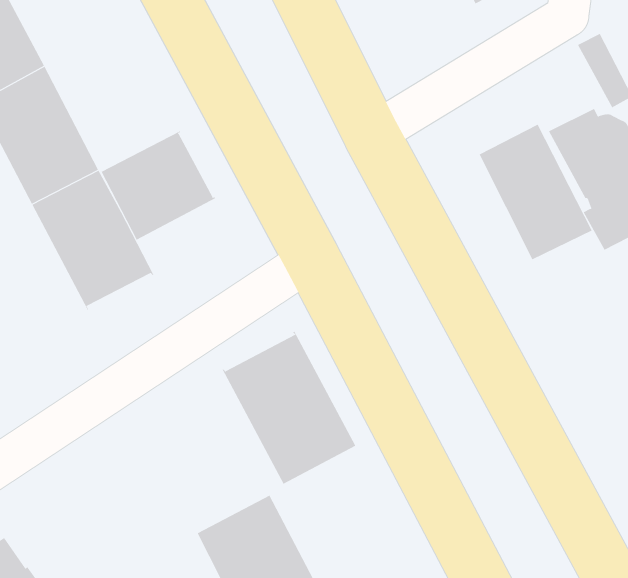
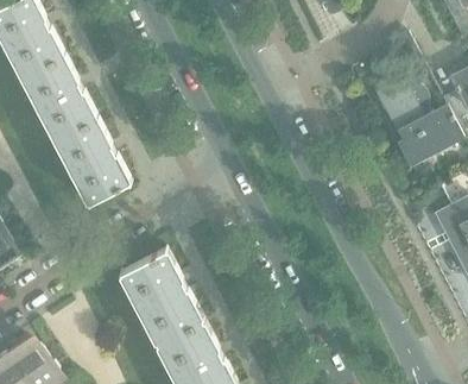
building: [479,124,593,260] -> none
building: [101,130,217,241] -> none
building: [222,331,356,484] -> [119,247,202,342]

